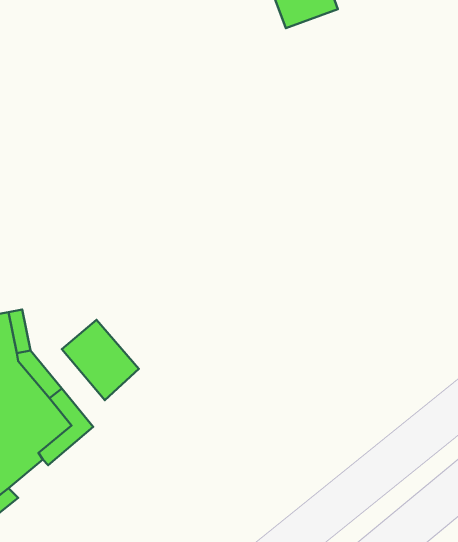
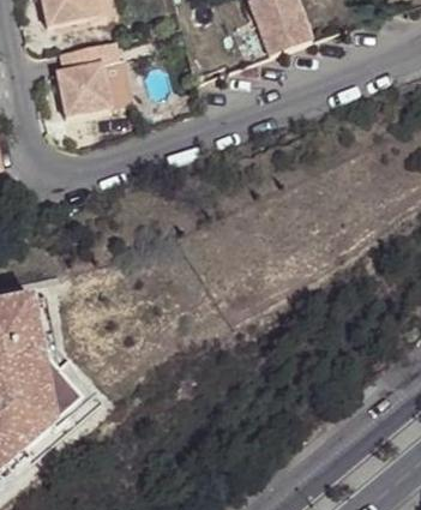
building: none -> [55,41,133,116]
building: [62,320,139,400] -> none

